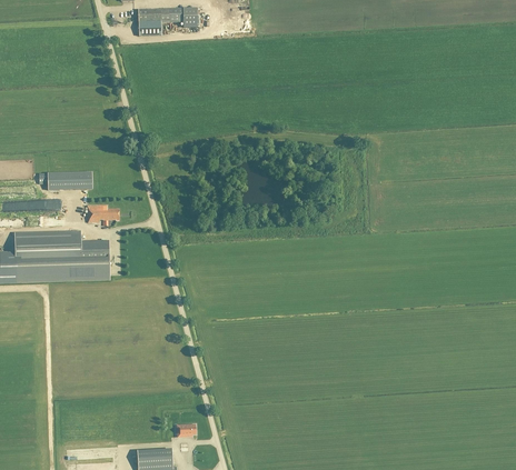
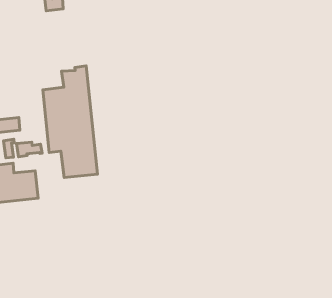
building: none -> [43,66,98,177]

